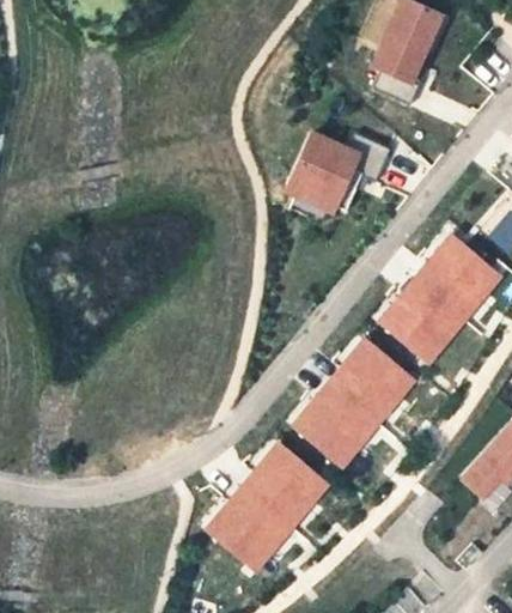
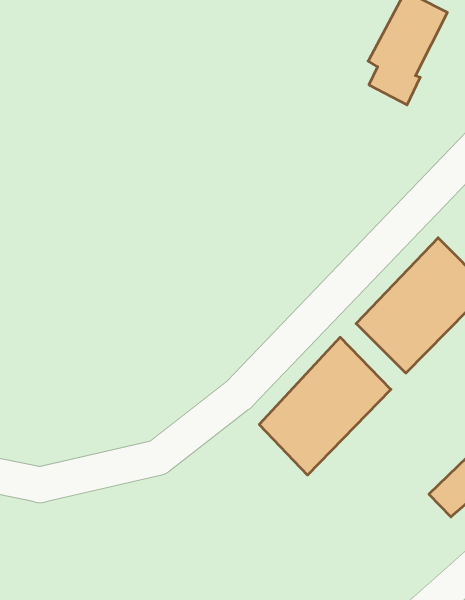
building: [285,131,390,220] -> none
building: [206,439,331,573] -> none

